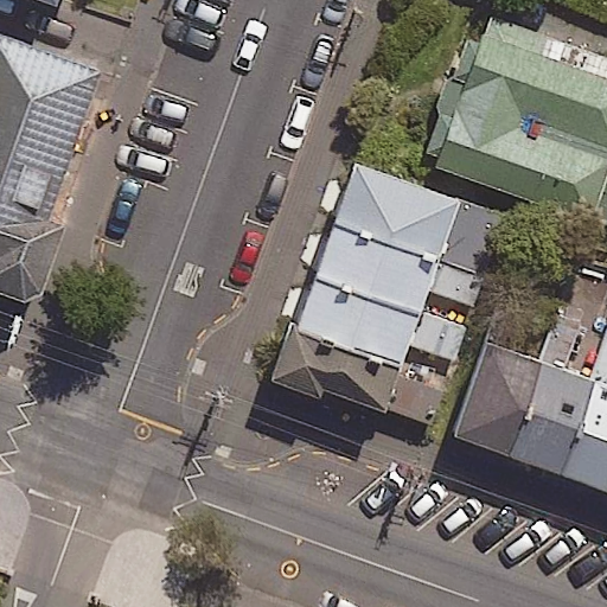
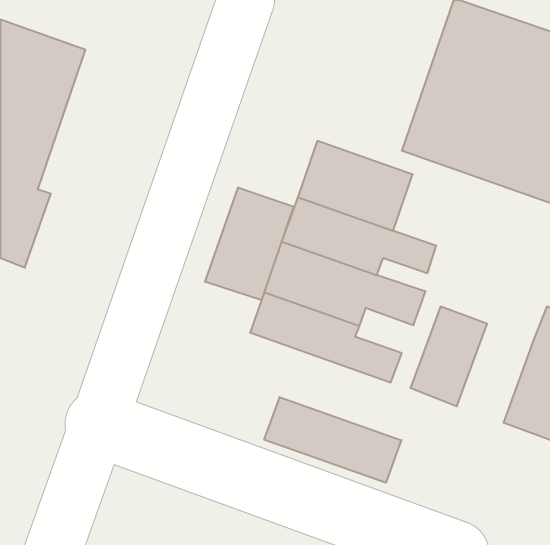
building: none -> [205,187,294,300]
building: [504,326,588,472] -> none
building: none -> [264,397,401,483]

